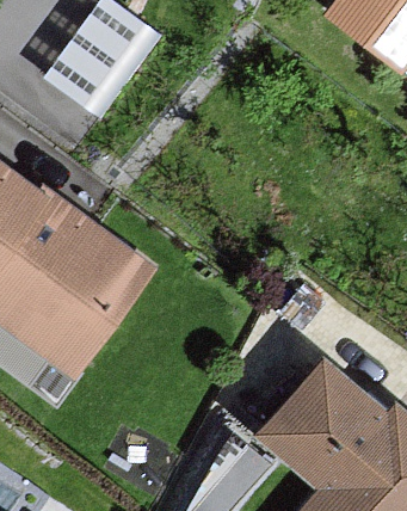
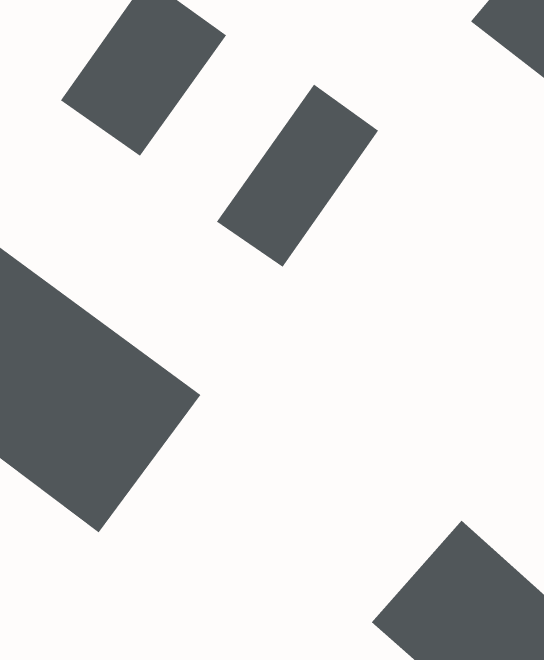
building: none -> [216,84,379,268]

